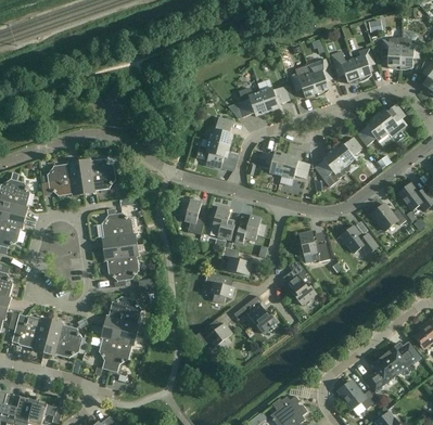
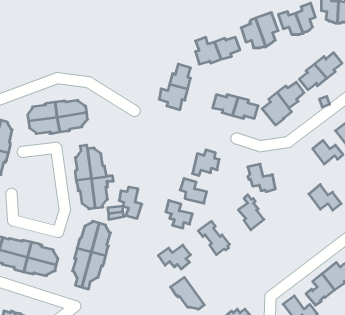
building: [179,198,205,234] -> [119,187,142,218]
building: [211,205,235,240] -> none
building: [340,224,377,254] -> [309,184,341,210]
building: none -> [170,277,204,309]

